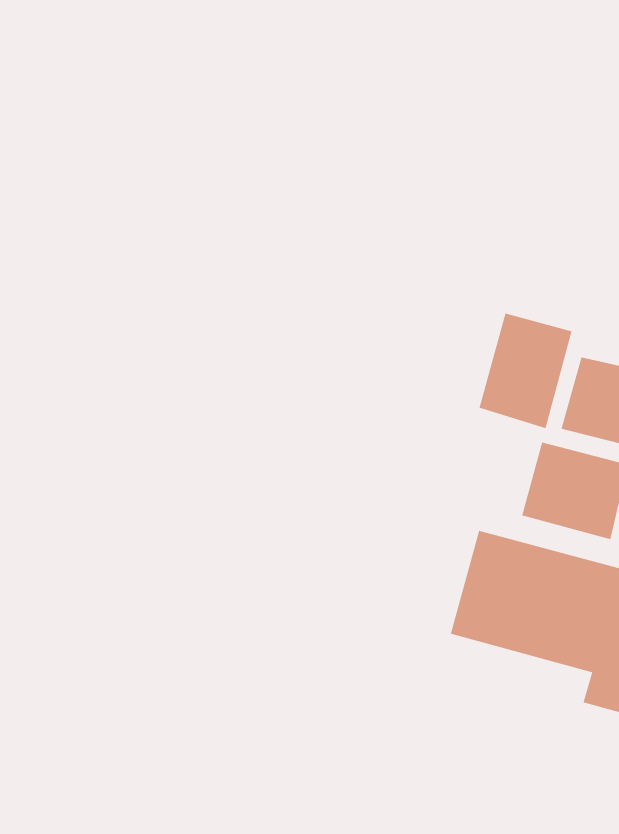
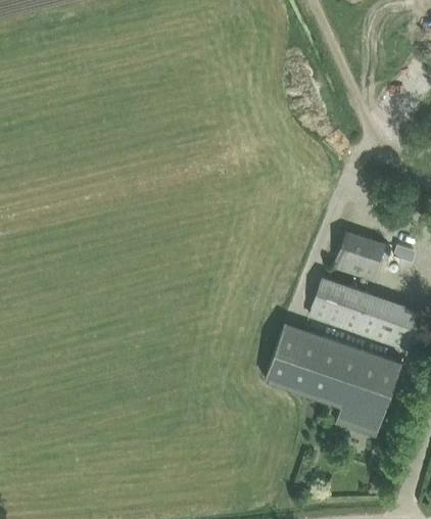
building: [478,313,572,429] -> none

